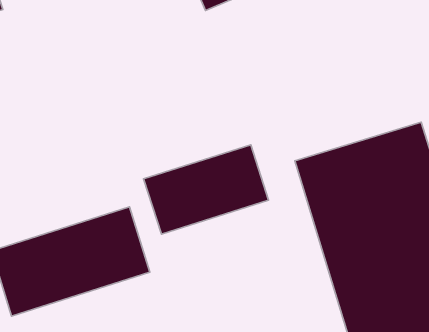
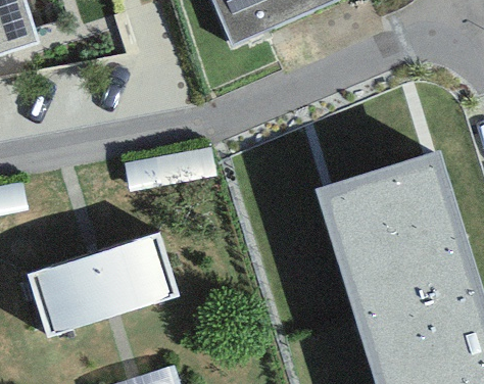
building: [144,145,269,234] -> none

